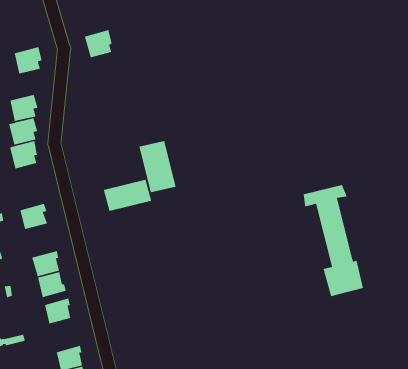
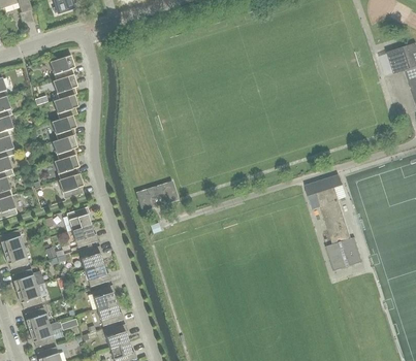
building: [84,29,113,59] -> [50,55,74,81]
building: none -> [51,94,77,122]
building: [138,140,176,193] -> none
building: none -> [58,173,84,199]
building: none -> [71,224,98,248]
building: none -> [97,302,124,326]

